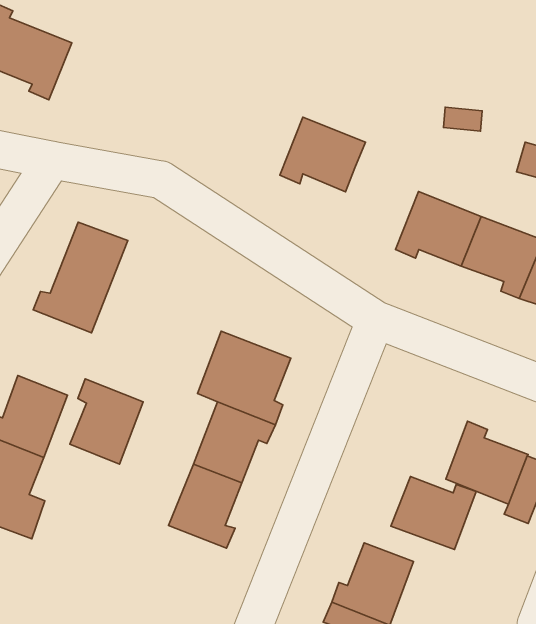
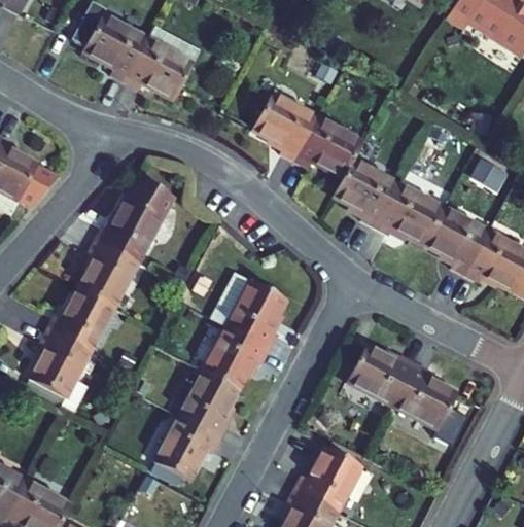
building: none -> [126,25,201,99]
building: none -> [252,93,317,159]
building: none -> [334,160,398,225]
building: [70,379,143,464] -> [77,239,137,307]
building: [391,476,476,550] -> [347,345,415,405]
building: none -> [153,415,220,480]

